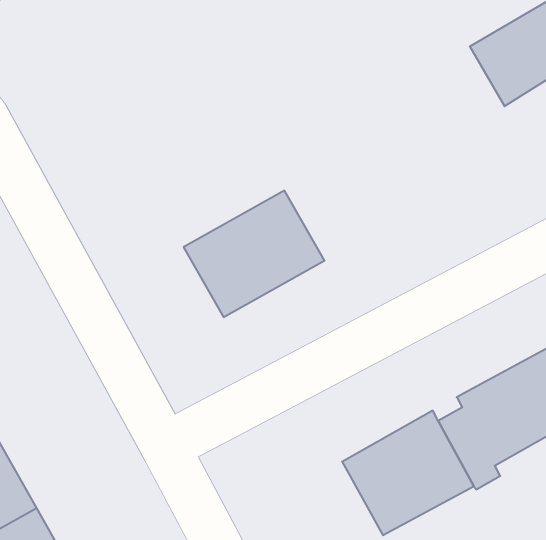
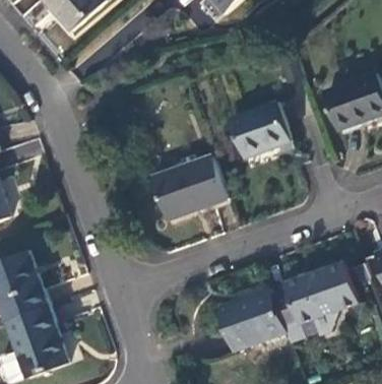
building: none -> [229,101,290,157]

